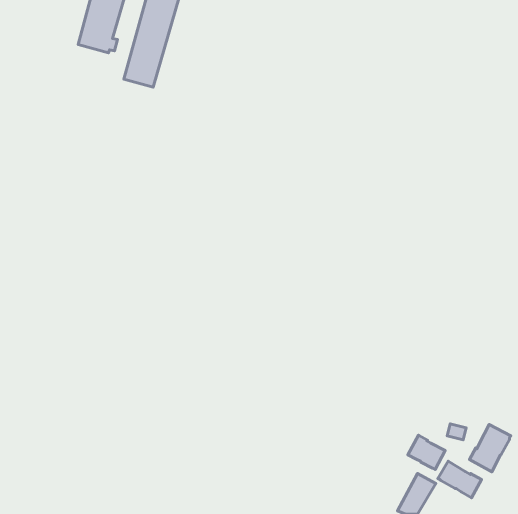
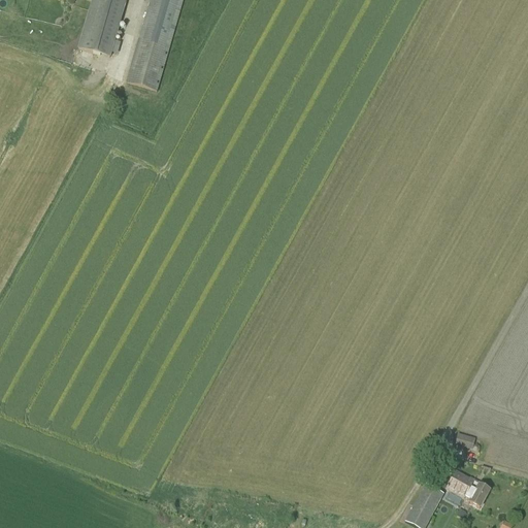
building: [469,424,511,472] -> none
building: [408,435,445,469] -> none

